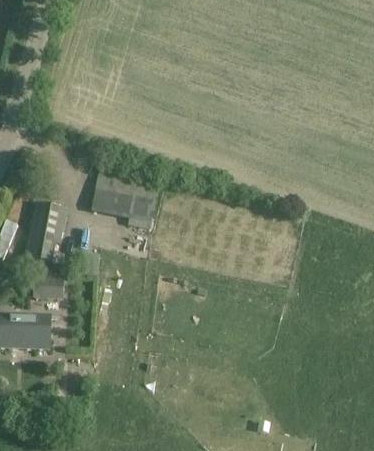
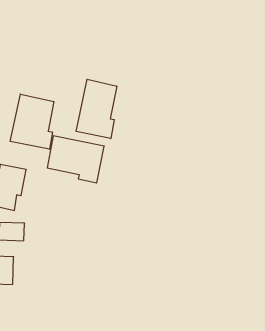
building: none -> [76,79,117,139]
building: none -> [10,94,54,149]

